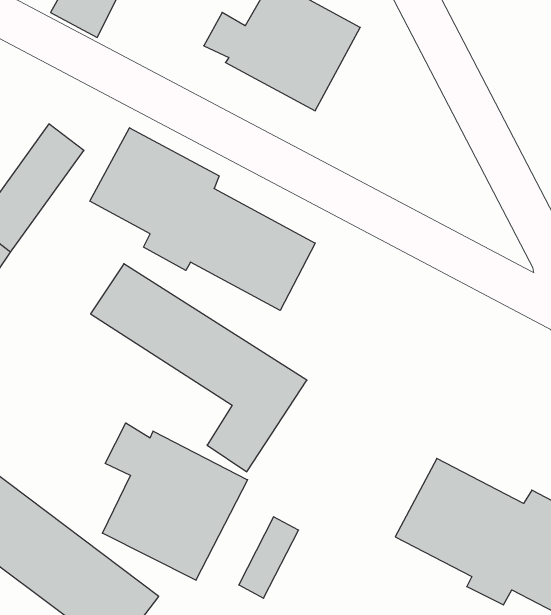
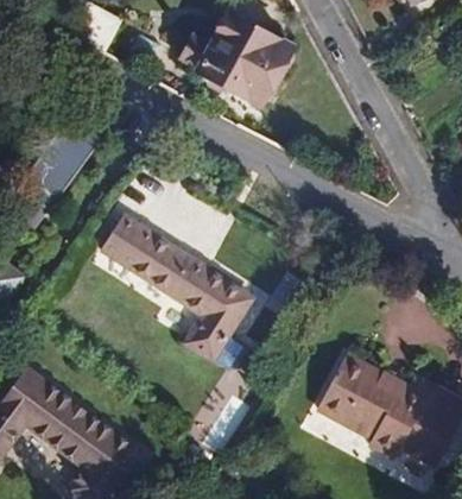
building: [90,128,315,310] -> none
building: [102,423,248,580] -> none

